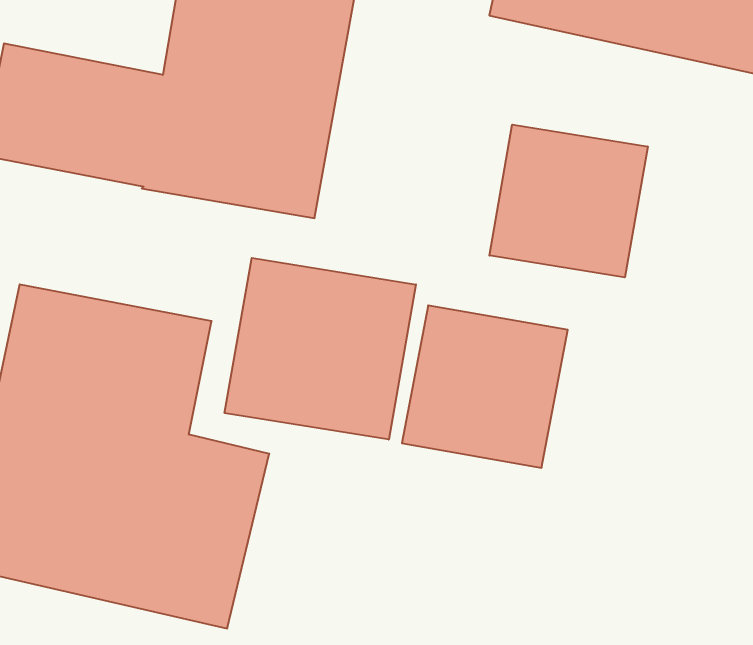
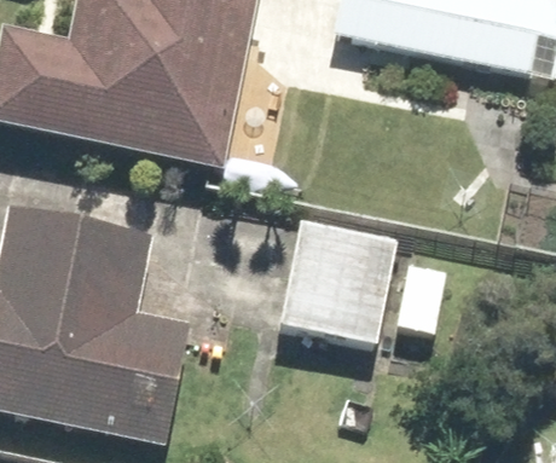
building: [489,125,648,277] -> none
building: [225,258,416,440] -> none

